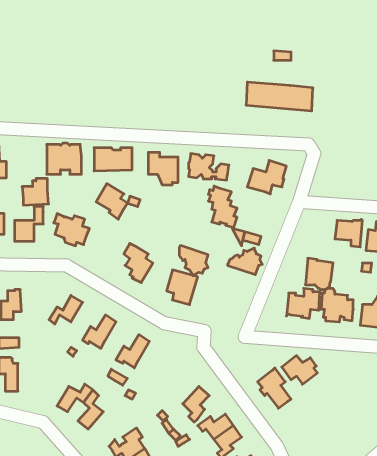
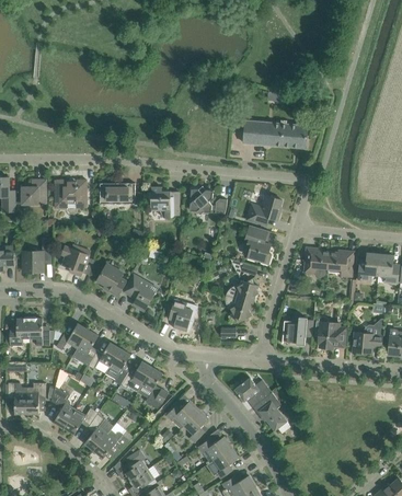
building: [22,179,49,205] -> [21,180,46,205]
building: [96,184,127,219] -> [96,263,126,297]
building: [208,186,237,228] -> [243,224,271,264]
building: [179,246,208,276] -> [225,295,252,323]
building: [305,258,333,289] -> [303,247,330,277]
building: none -> [28,318,49,346]
building: none -> [71,330,97,366]
building: none -> [105,348,130,384]
building: none -> [140,367,168,408]
building: [282,356,317,384] -> [234,378,268,405]
building: none -> [26,382,45,414]
building: none -> [50,382,74,428]
building: none -> [165,401,198,429]
building: none -> [93,429,128,458]

